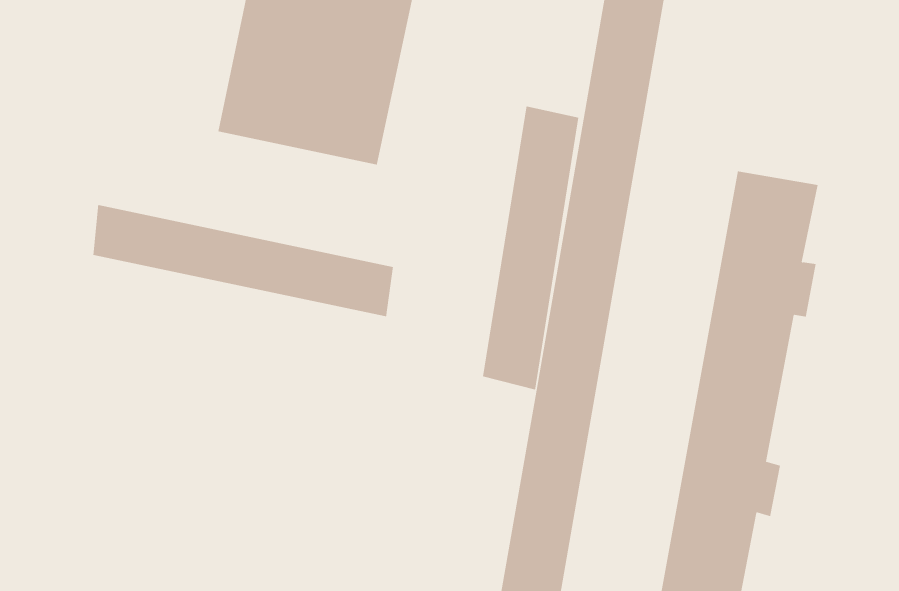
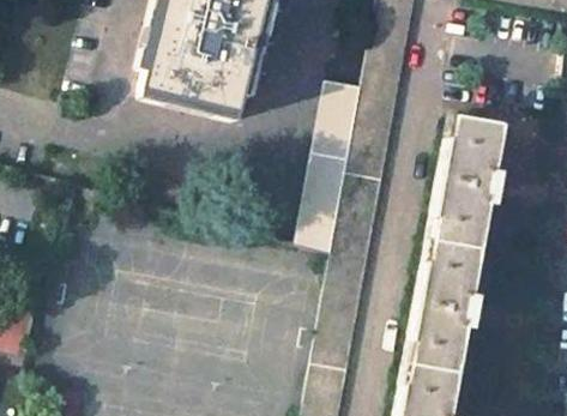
building: [93,204,393,317] -> none

